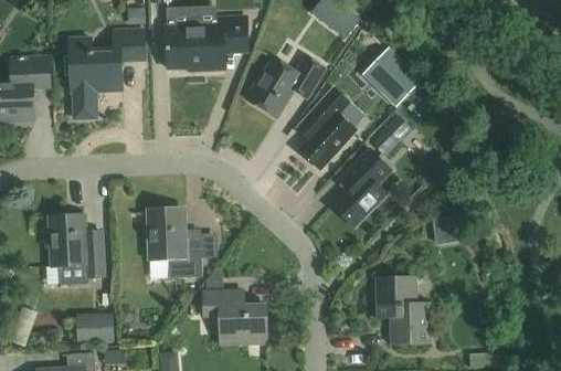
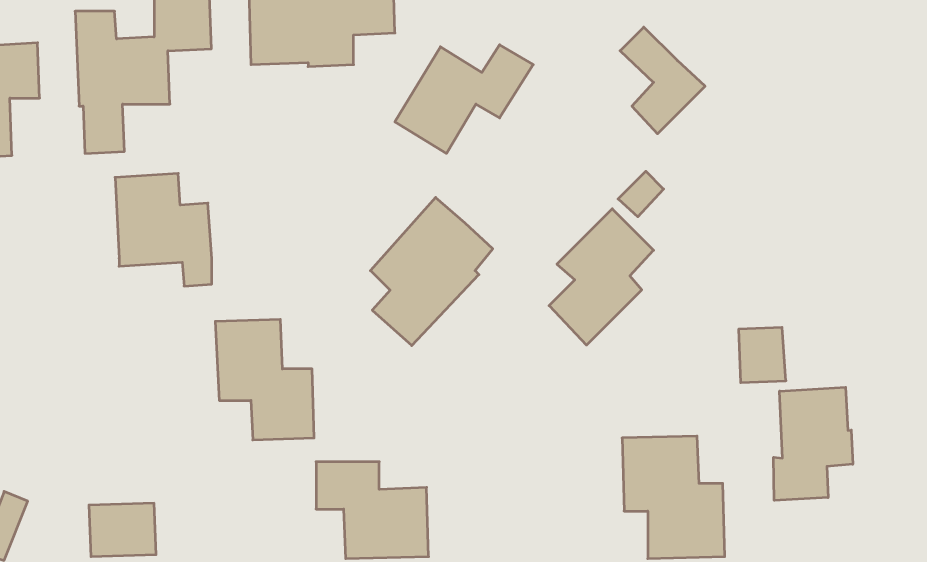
building: [296,86,364,169] -> [370,197,493,346]
building: [49,213,103,276] -> [115,173,212,286]
building: none -> [774,387,853,500]

